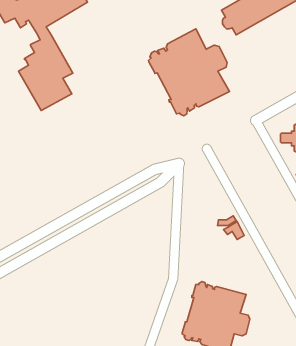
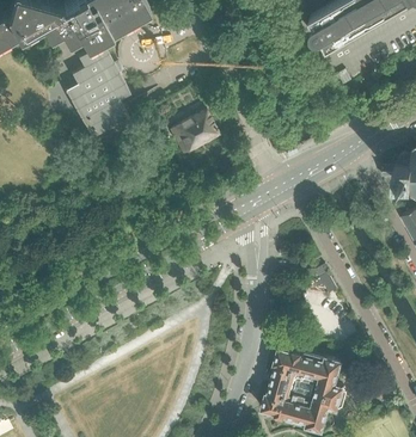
building: [149,29,229,116] -> none
building: none -> [171,112,219,156]

